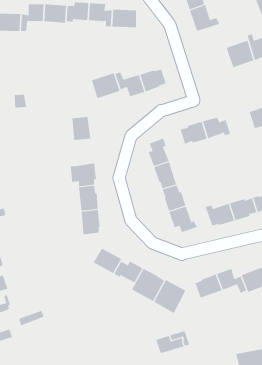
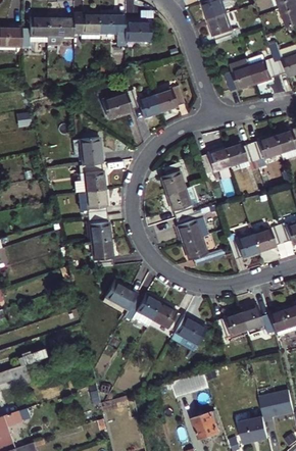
building: none -> [225,62,255,94]
building: none -> [248,134,279,158]
building: none -> [78,163,104,193]

